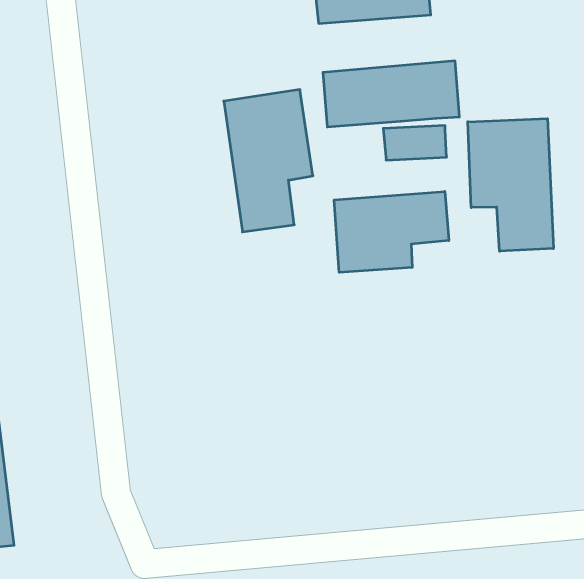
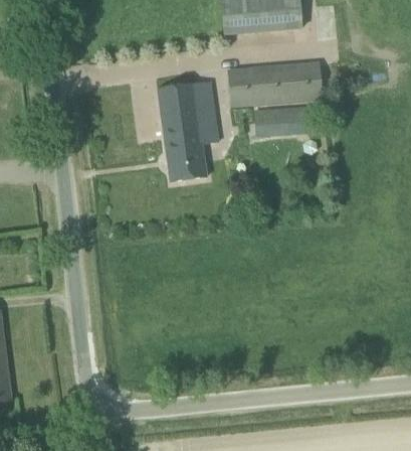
building: [468,119,553,251] -> none
building: [334,191,449,272] -> none

